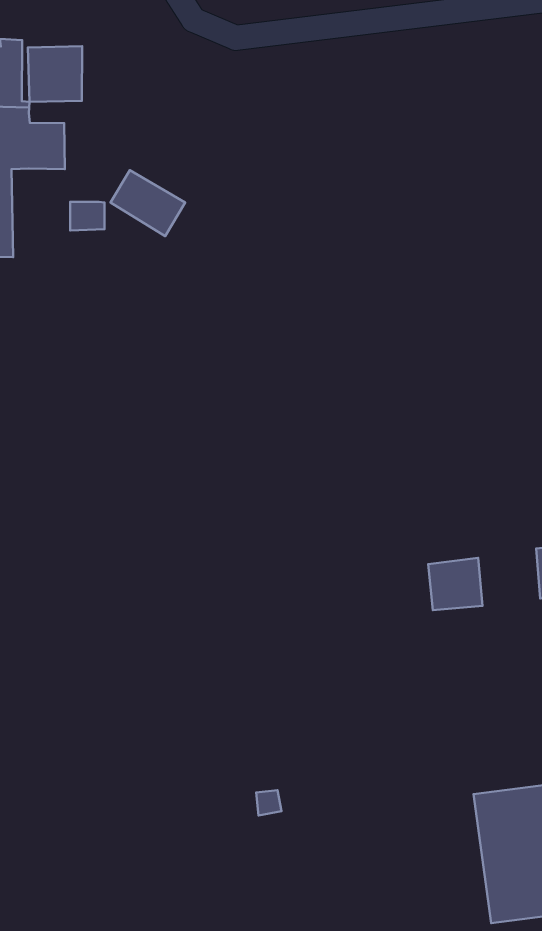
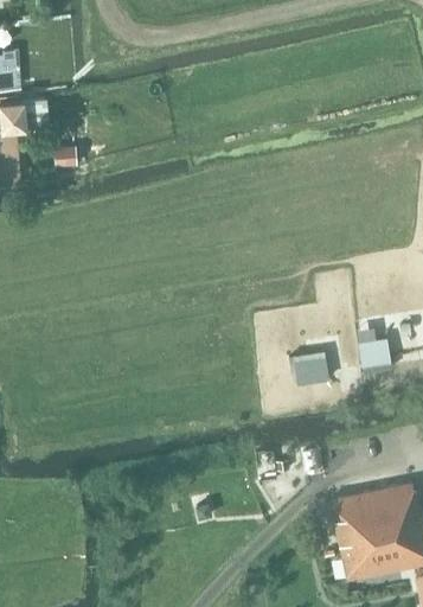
building: [28,46,82,102] -> none
building: [110,170,185,236] -> none

